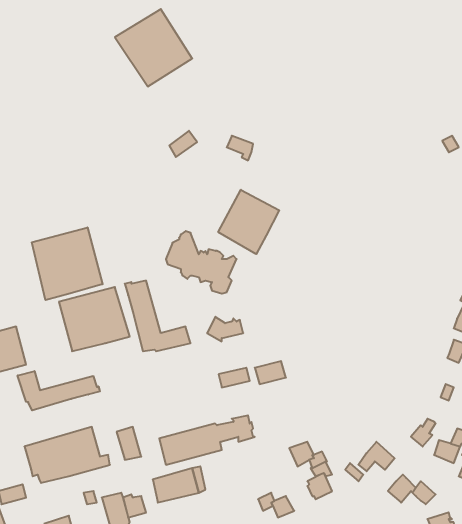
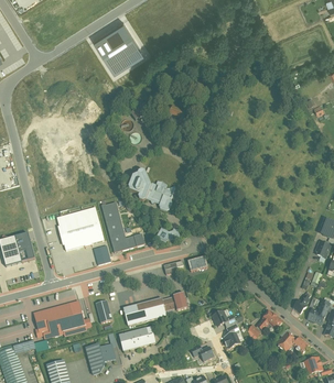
building: [218,190,279,254] -> none
building: [32,227,103,300] -> none
building: [18,371,100,410] -> none

